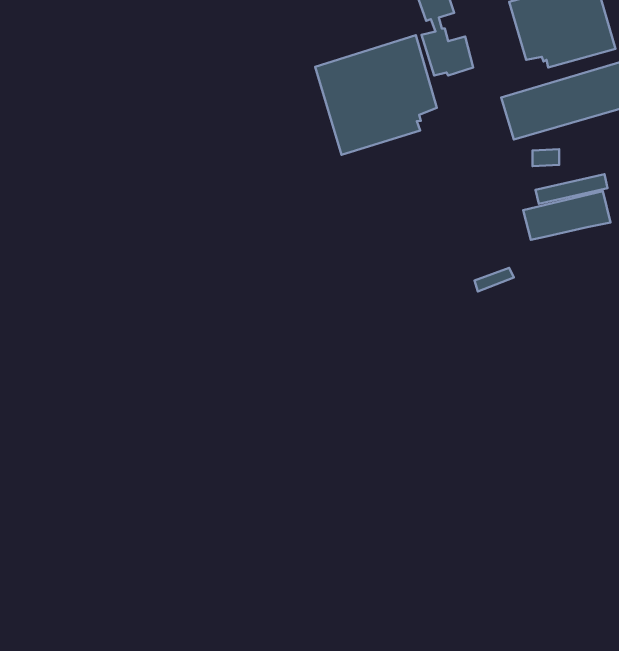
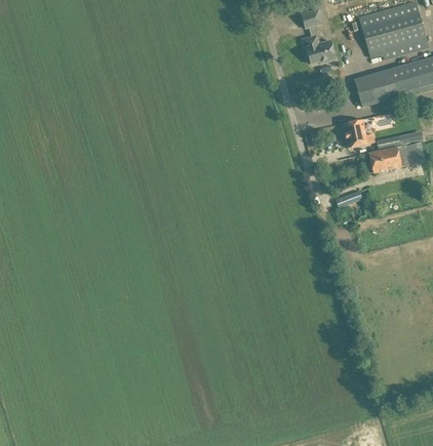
building: [315,35,437,155] -> none
building: none -> [343,119,375,147]

